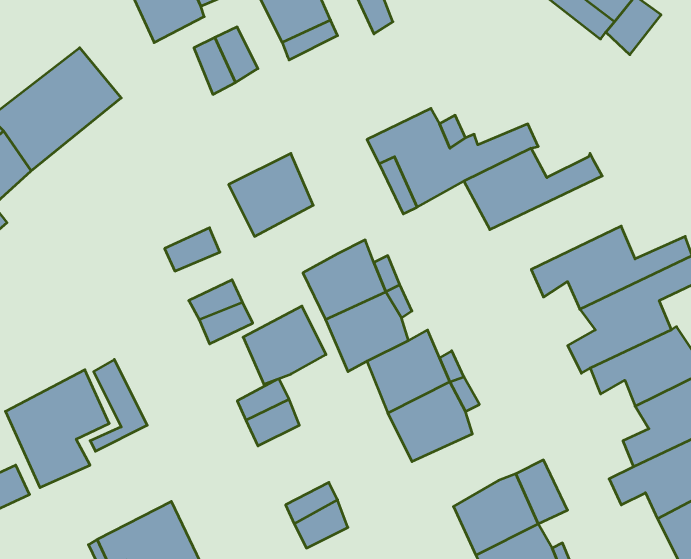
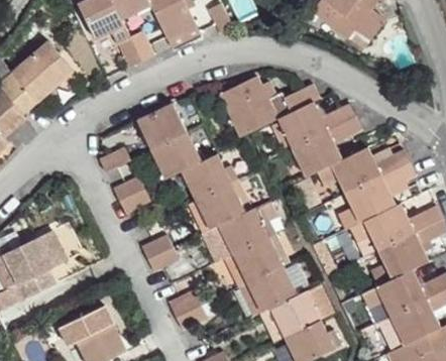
building: none -> [289,116,361,175]
building: [243,306,326,384] -> [151,133,200,178]
building: none -> [243,266,294,313]

